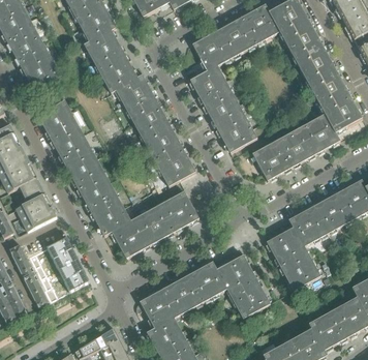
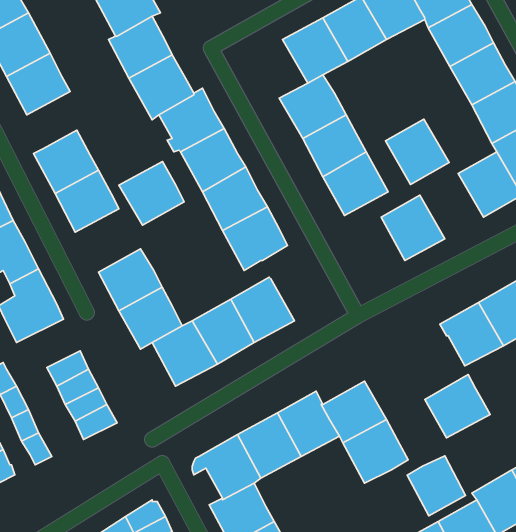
building: [276,126,315,167] -> [385,119,449,184]
building: [63,148,103,187] -> [119,162,184,225]
building: [266,227,306,266] -> none
building: none -> [407,456,465,516]

